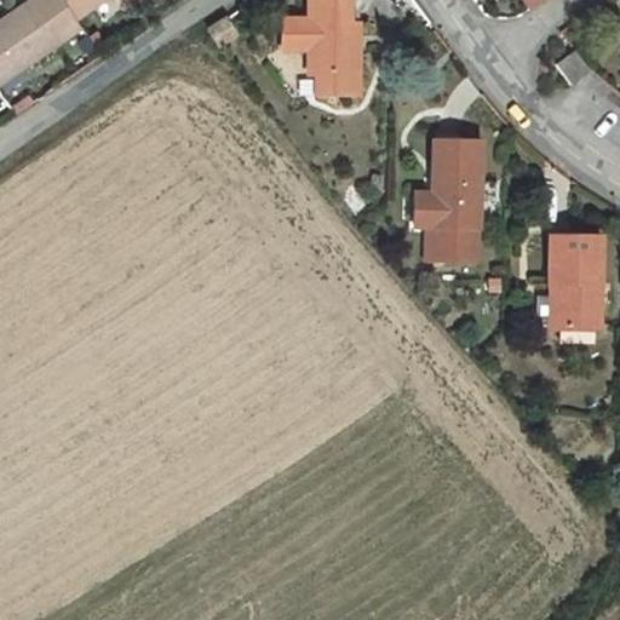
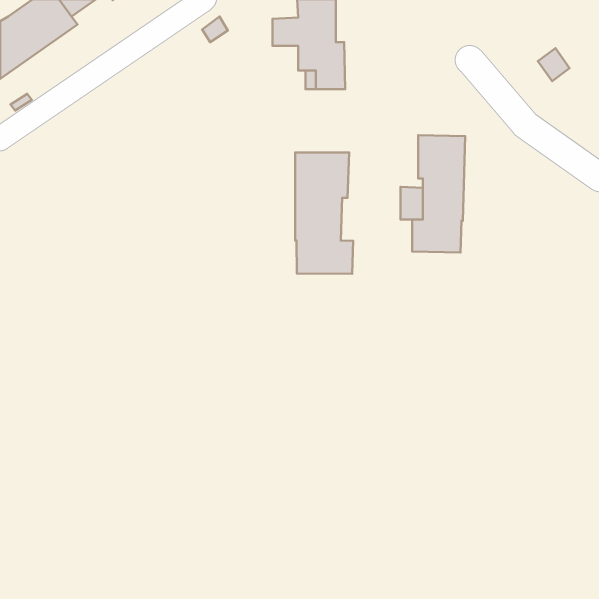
building: none -> [295,153,353,274]
building: [549,236,601,328] -> none

